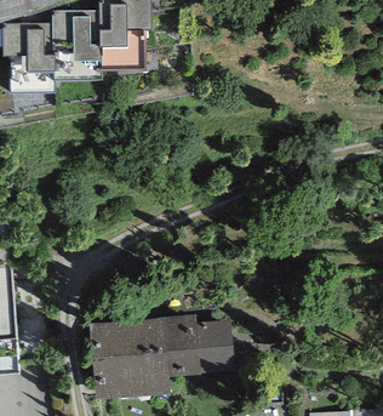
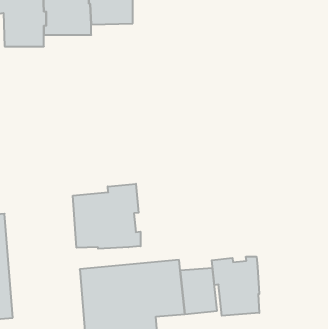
building: none -> [73,184,141,249]
building: none -> [212,257,259,316]

